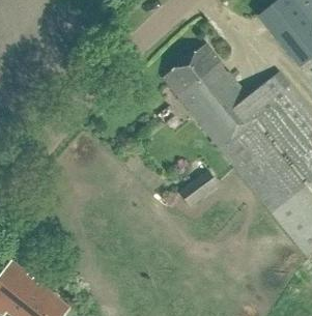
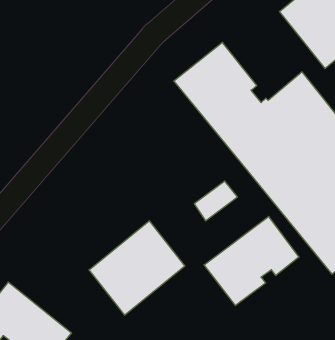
building: none -> [204,216,299,306]
building: none -> [89,221,185,315]

